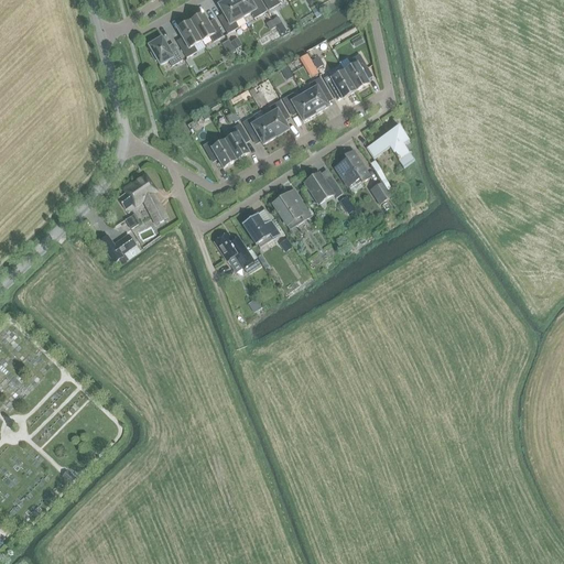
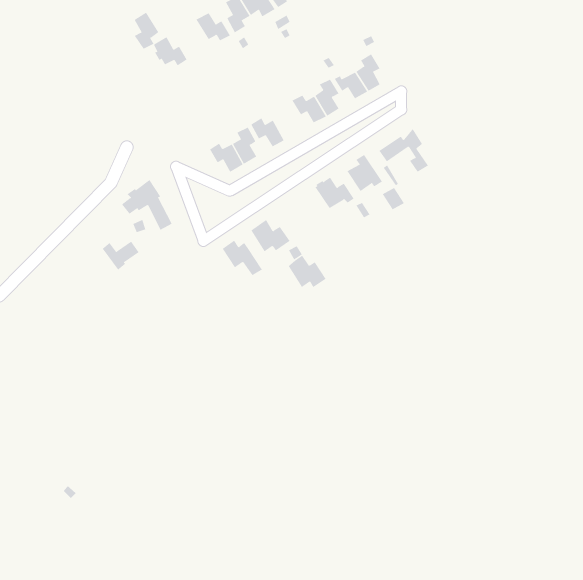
building: [176,19,200,55] -> [134,12,159,49]
building: [263,99,288,135] -> none
building: [272,192,310,224] -> [288,255,327,288]

